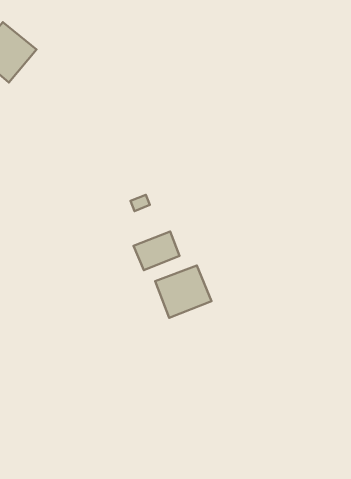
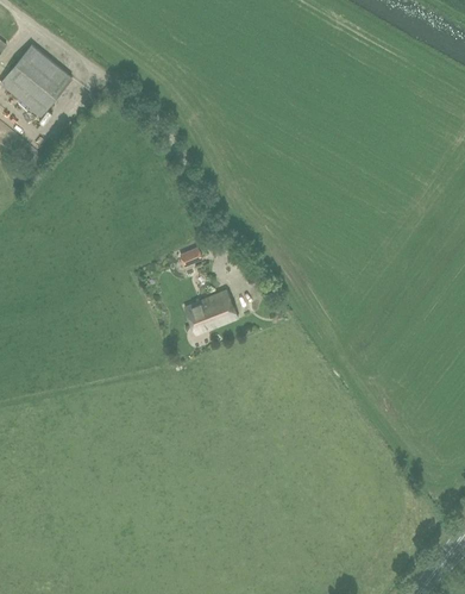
building: [155,266,211,318] -> none

